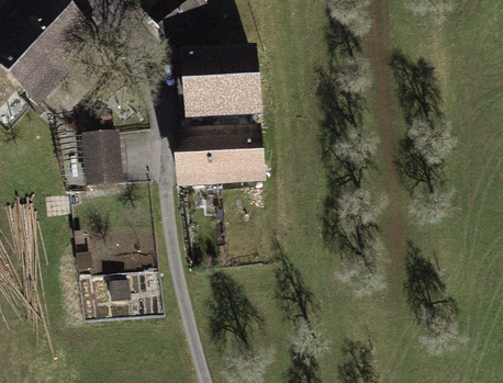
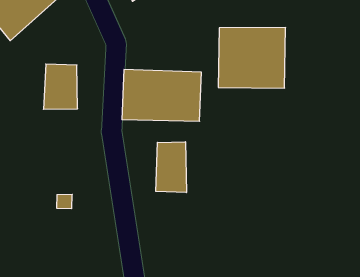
building: [180,45,262,122] -> [218,28,286,88]
building: none -> [156,142,186,193]

